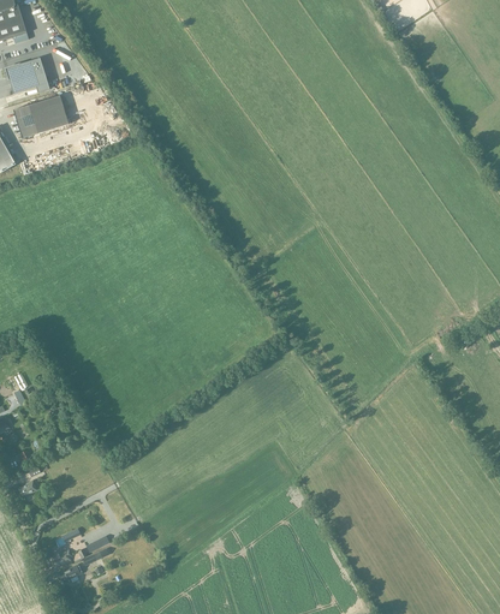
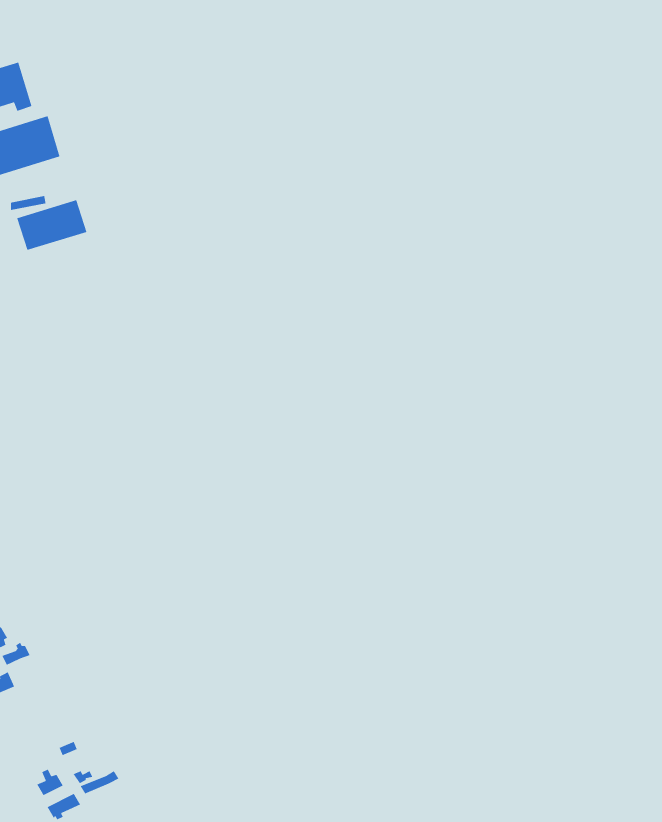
building: none -> [16,199,88,251]

